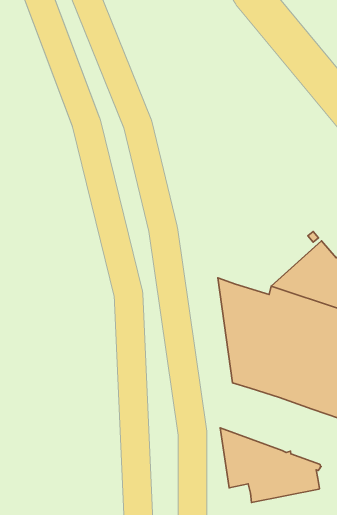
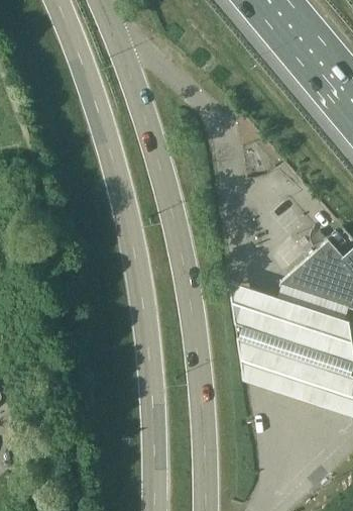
building: [220,428,321,502] -> none

